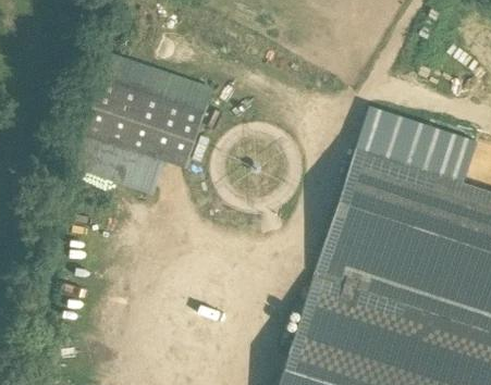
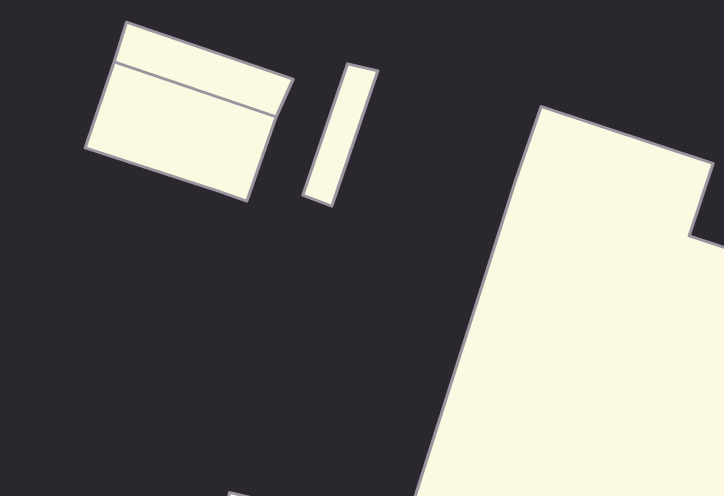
building: none -> [303,64,378,206]
building: [69,131,163,190] -> none

